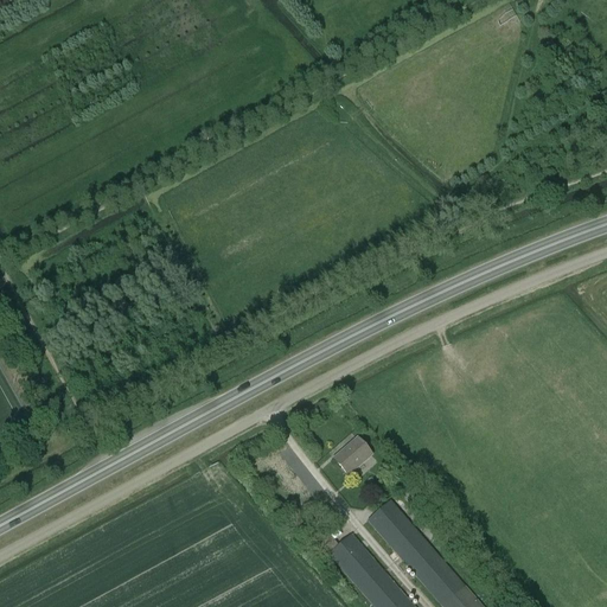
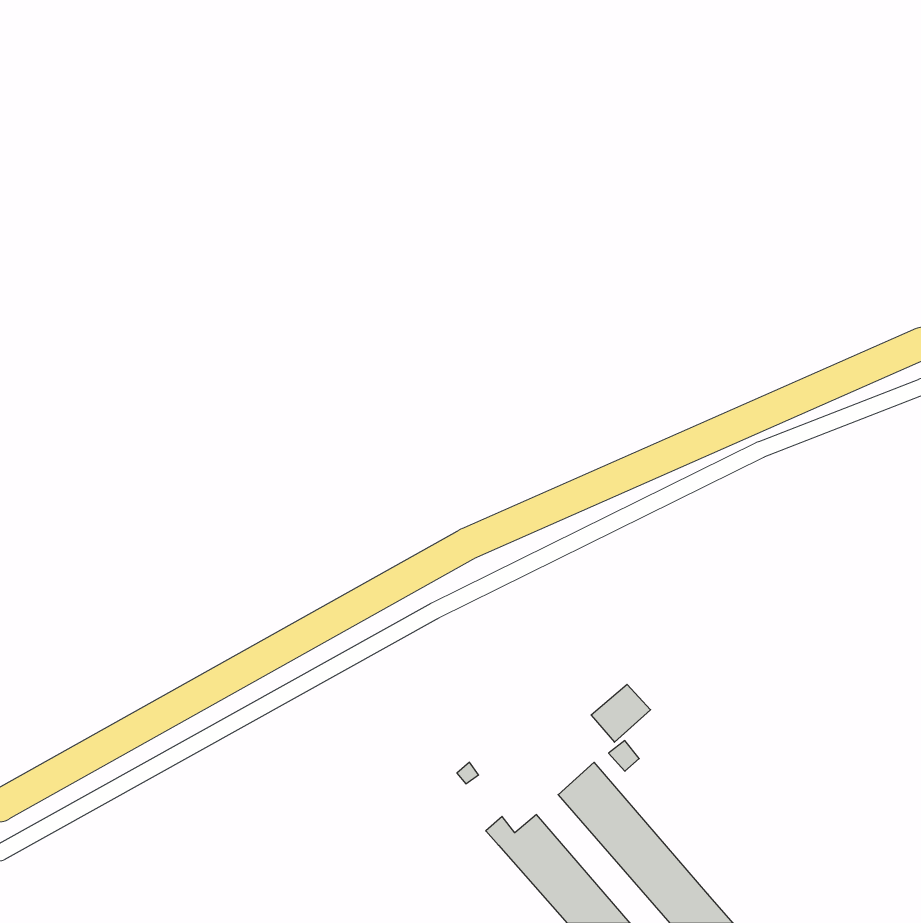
building: [334,439,373,477] -> [591,684,651,742]

